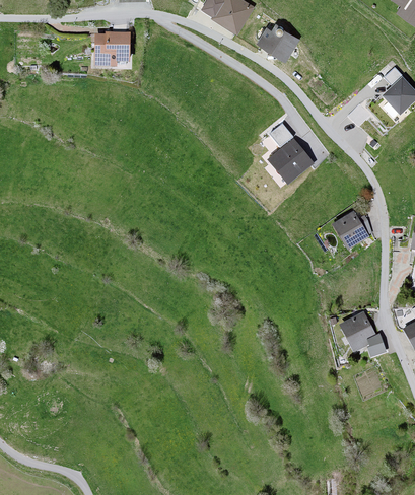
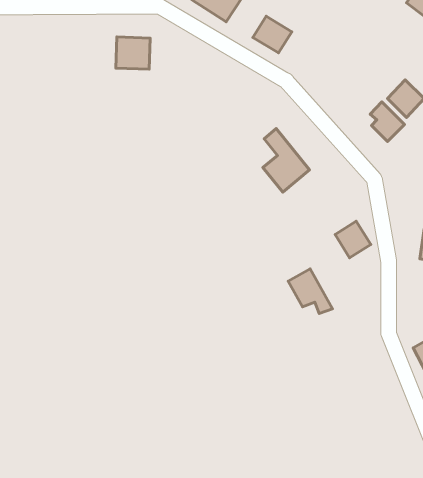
building: [95,37,127,66] -> [116,37,150,69]
building: none -> [370,102,404,142]
building: [343,313,384,354] -> [288,269,333,313]

